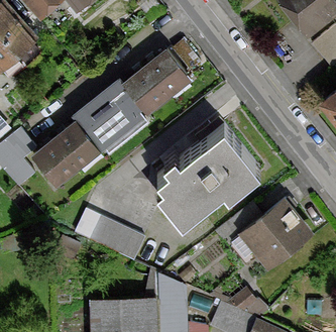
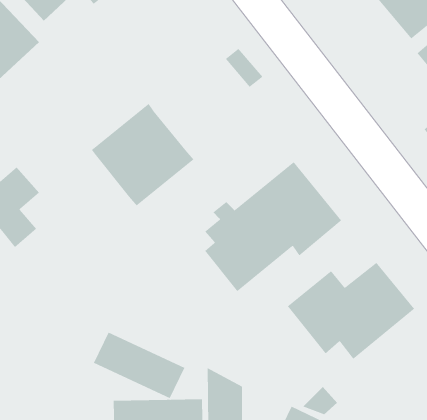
building: [121,50,190,116] -> none
building: [32,120,102,187] -> none
building: [77,211,144,260] -> [93,331,185,399]

